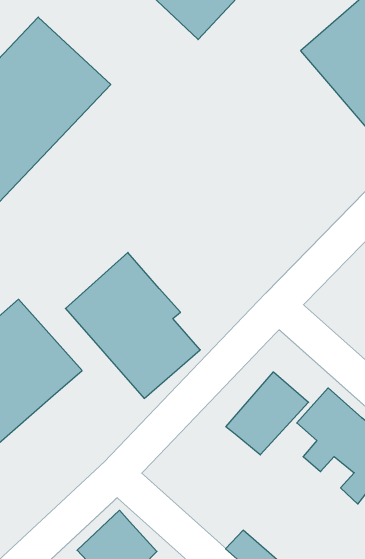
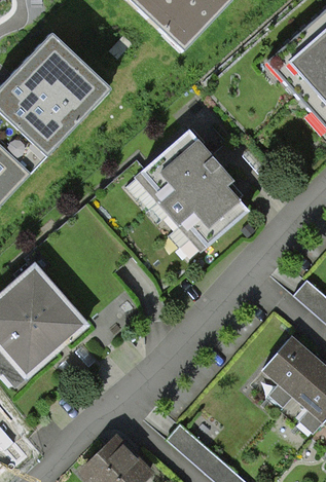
building: [65,252,200,398] -> [137,129,248,250]
building: [226,372,309,455] -> none

